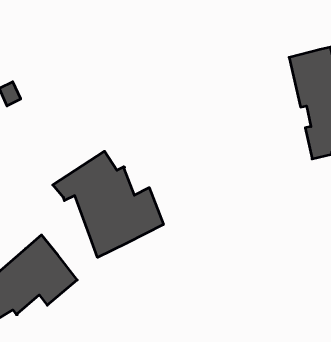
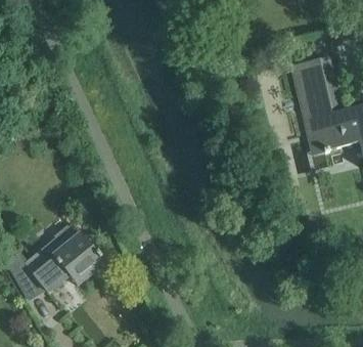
building: [53,151,163,257] -> none

